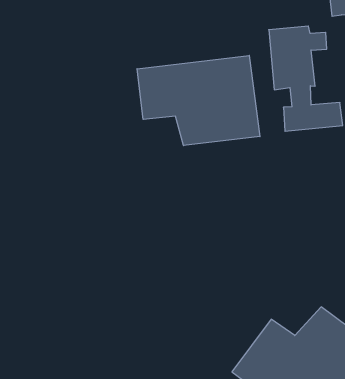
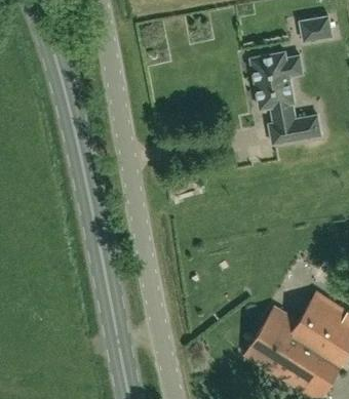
building: [137,55,260,146] -> none

